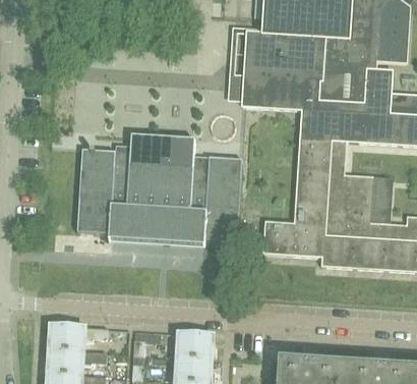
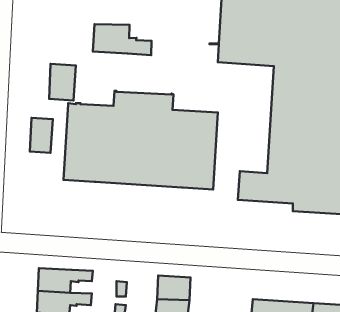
building: none -> [93,24,152,55]
building: none -> [49,64,76,100]
building: none -> [30,118,53,153]

